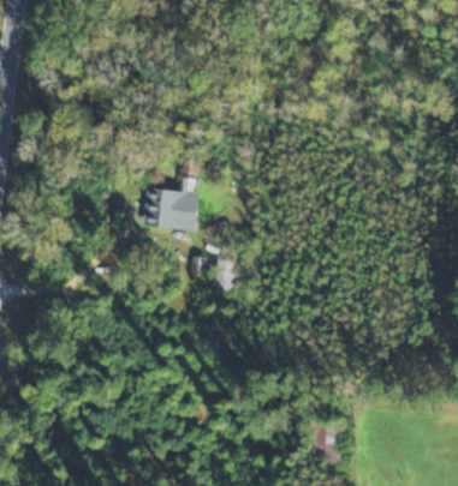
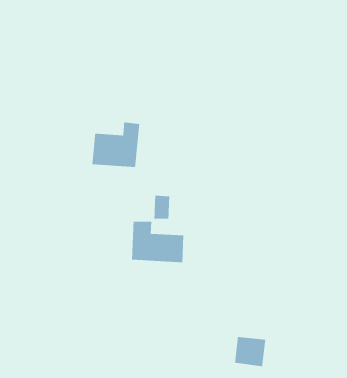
building: none -> [131,221,184,263]

